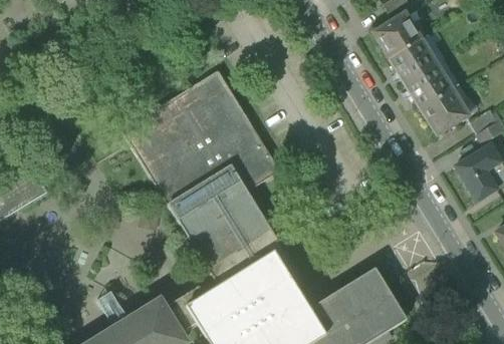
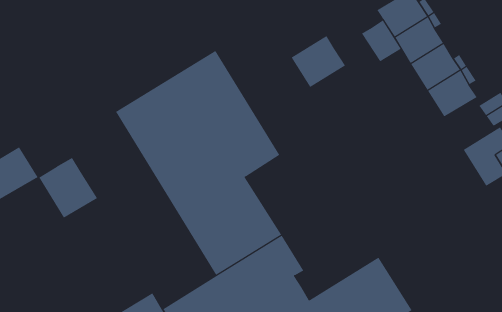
building: none -> [361,19,401,62]
building: none -> [291,35,346,88]
building: none -> [39,157,98,218]

